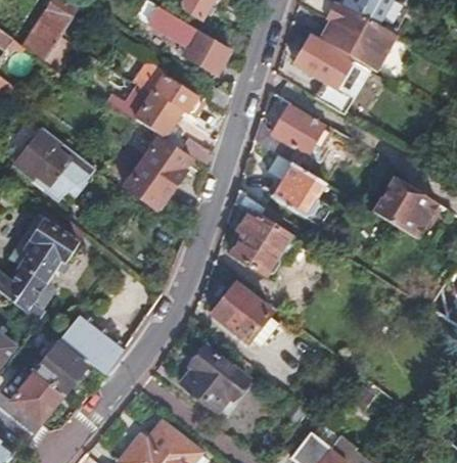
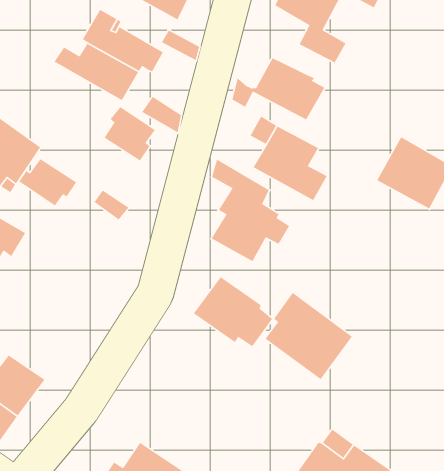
building: [127,167,176,207] -> [18,158,77,207]
building: [60,318,121,373] -> none
building: [183,343,257,418] -> [264,292,353,380]

